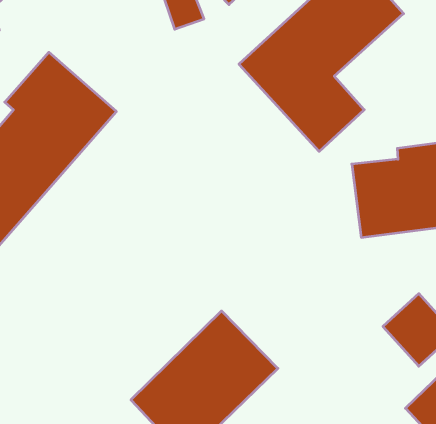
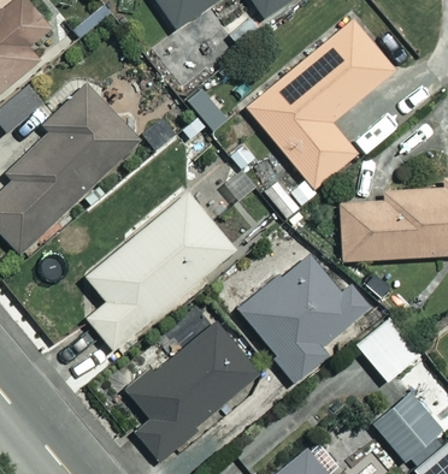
building: none -> [87,191,235,349]
building: none -> [237,249,364,390]

